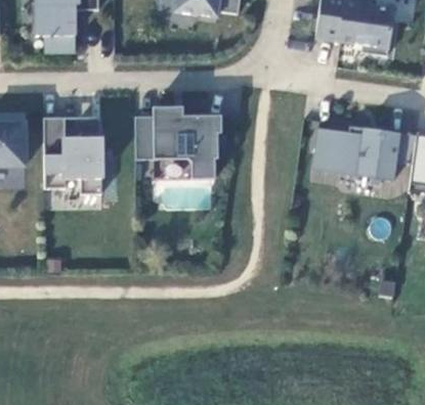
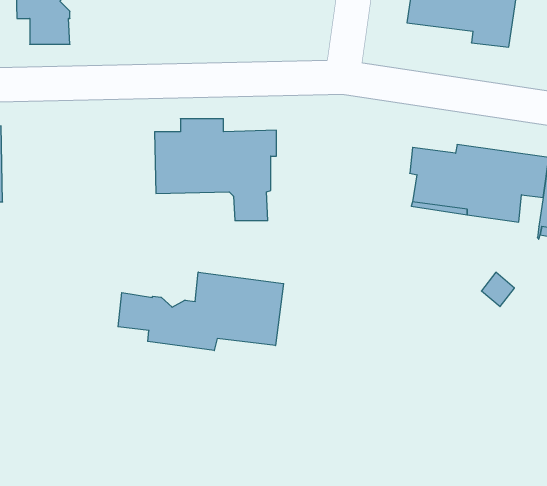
building: [43,117,101,193] -> none
building: none -> [118,272,284,351]

